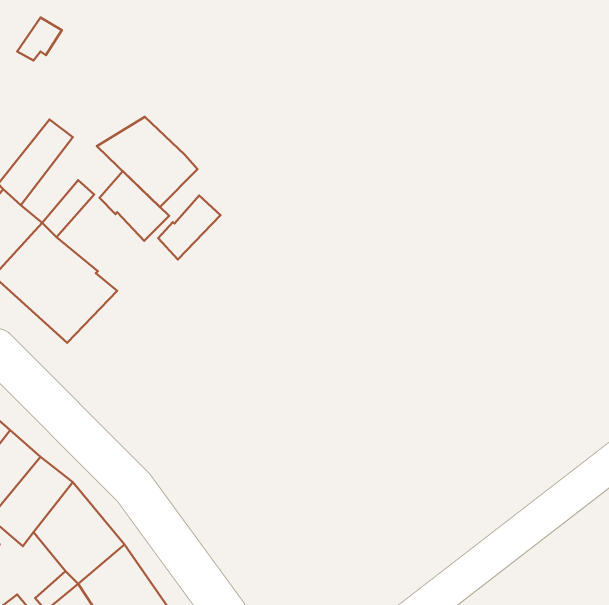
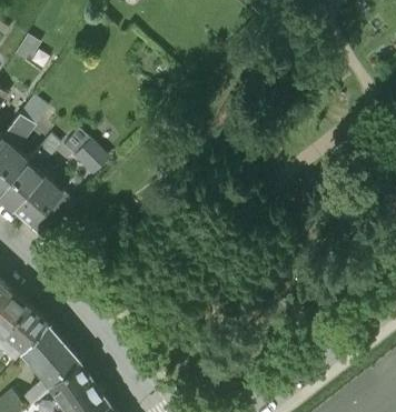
building: [97,117,197,207] -> none
building: [158,196,220,259] -> none

